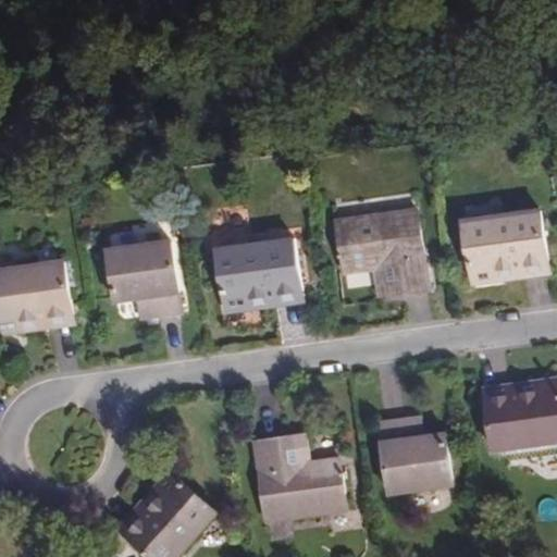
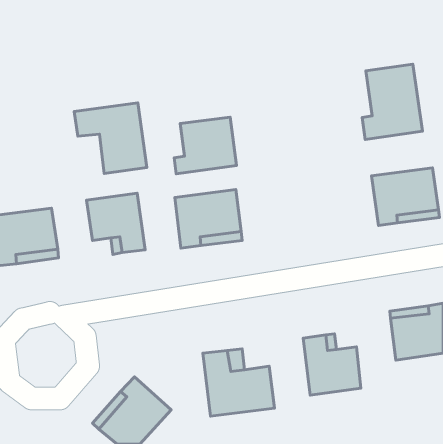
building: none -> [362,64,422,140]
building: none -> [74,103,147,173]
building: none -> [174,117,236,174]
building: [336,210,426,294] -> none

